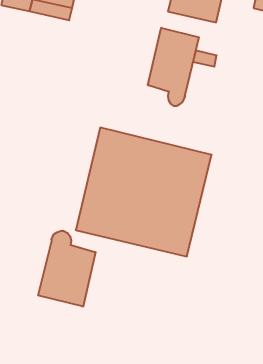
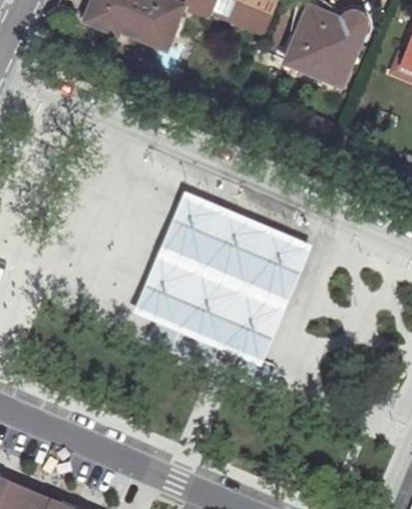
building: [148,28,199,106] -> none
building: [38,231,96,307] -> none

